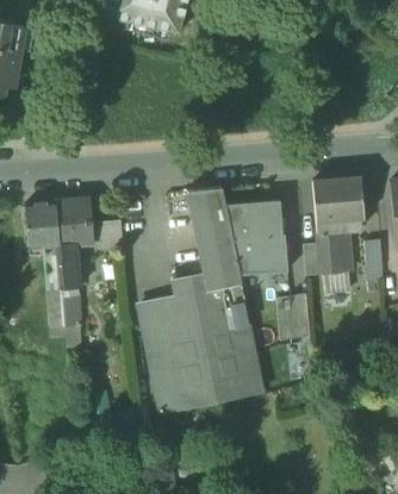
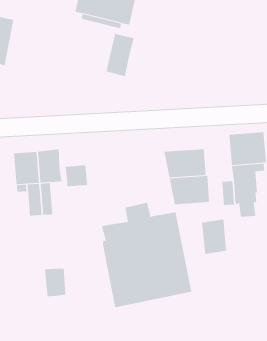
building: none -> [106,33,134,77]
building: [188,188,242,290] -> none
building: [45,289,75,327] -> [44,268,66,297]

